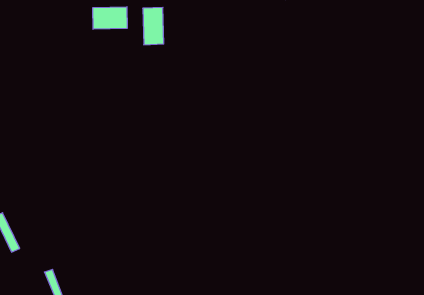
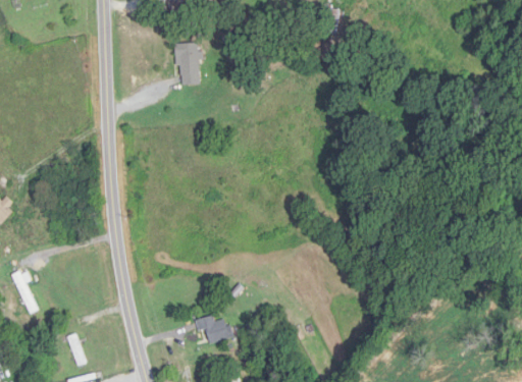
building: [93,7,127,29] -> none
building: none -> [201,315,231,343]

